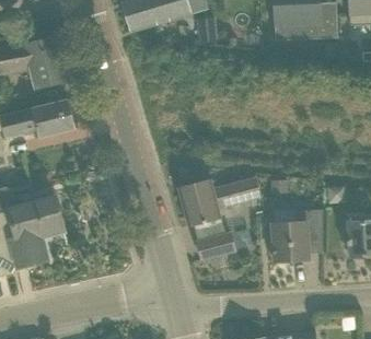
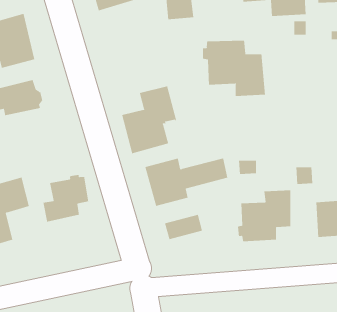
building: none -> [202,40,266,97]
building: none -> [121,85,177,154]
building: none -> [43,174,89,223]

